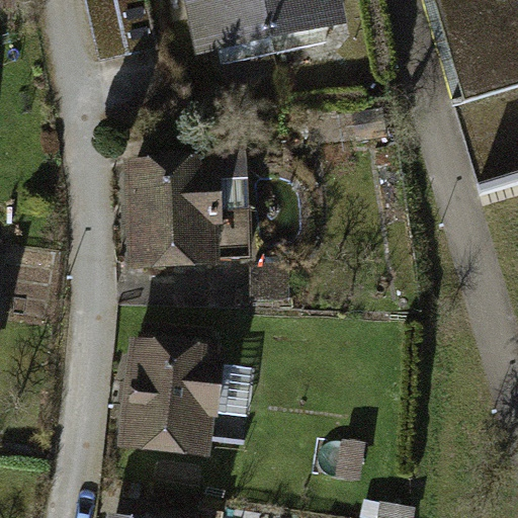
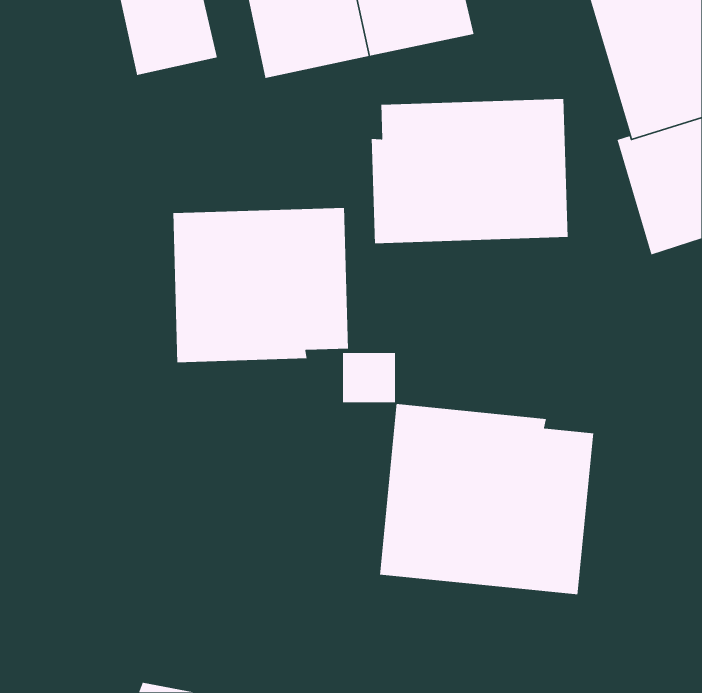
building: none -> [371,98,569,244]
building: none -> [379,403,594,595]
building: [121,335,232,455] -> none

